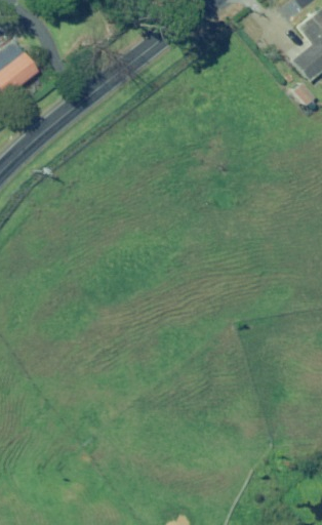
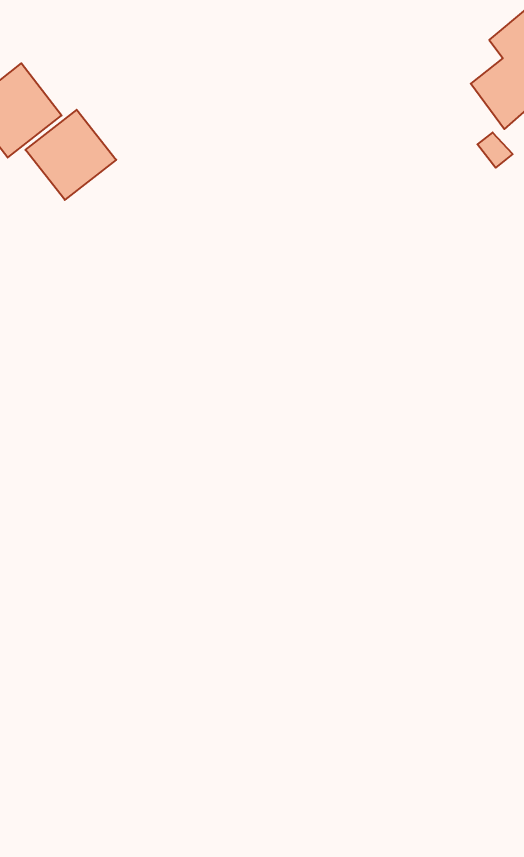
building: none -> [25,110,116,200]

